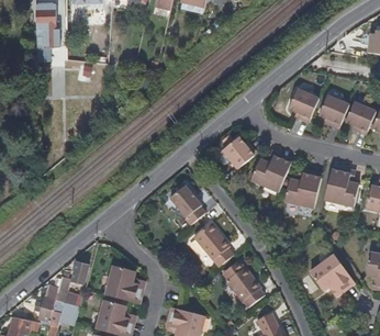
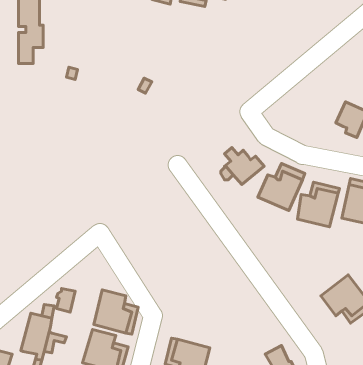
building: [289,89,317,122] -> none
building: [168,184,203,224] -> none
building: [193,222,233,266] -> none
building: [225,260,264,306] -> none

